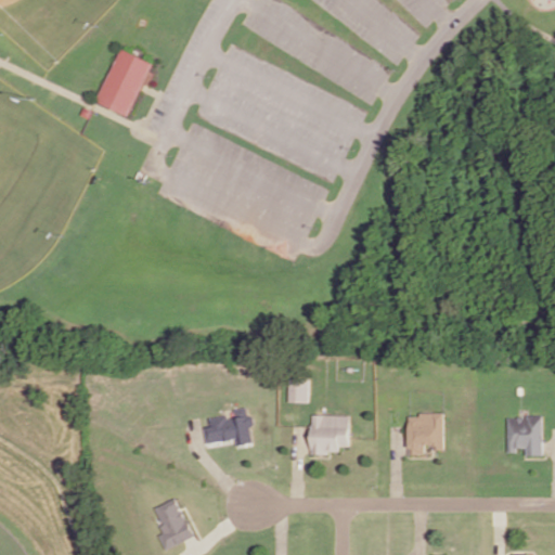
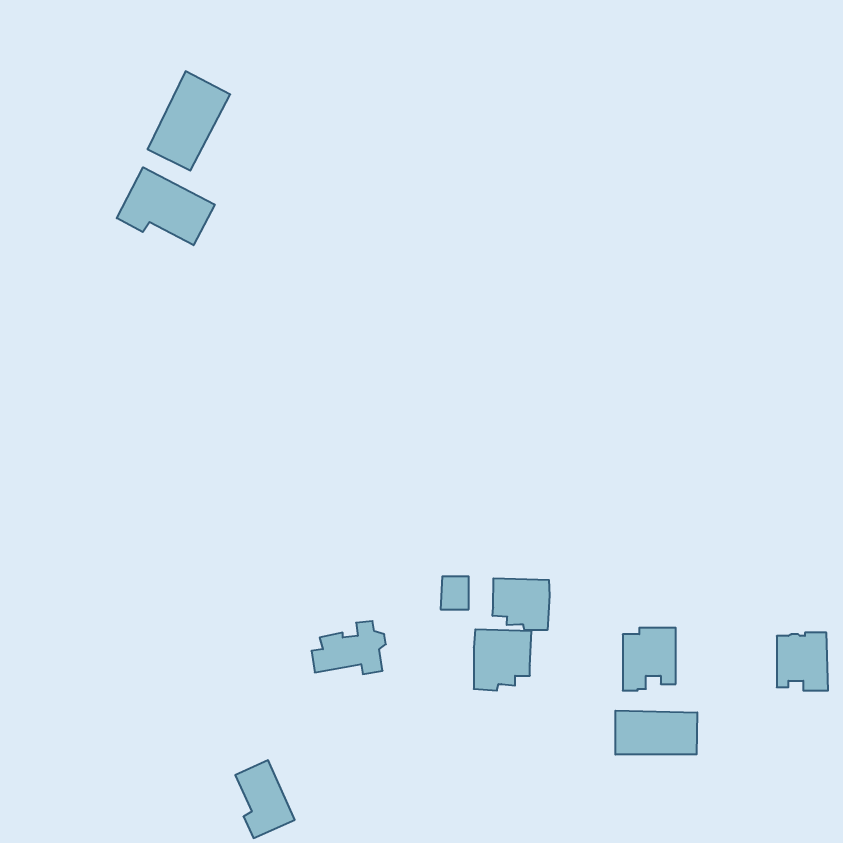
building: none -> [117,167,215,245]
building: none -> [493,578,550,630]
building: none -> [615,711,697,755]

